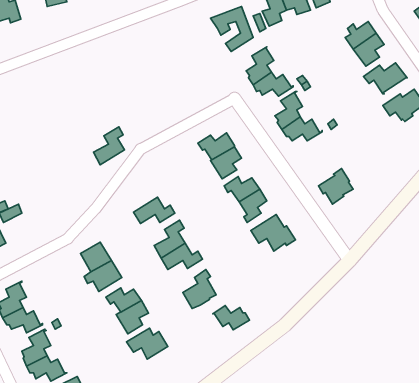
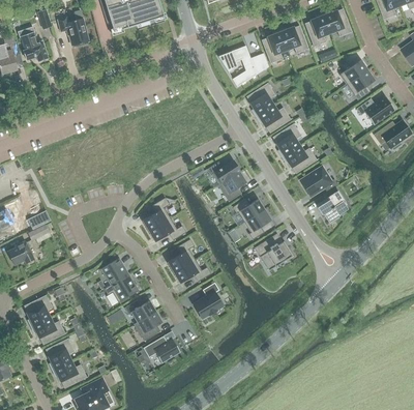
building: [93,127,124,165] -> [143,197,171,231]
building: none -> [300,169,338,198]
building: [213,305,250,330] -> none

